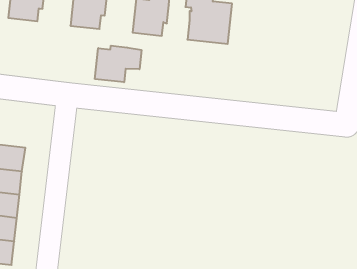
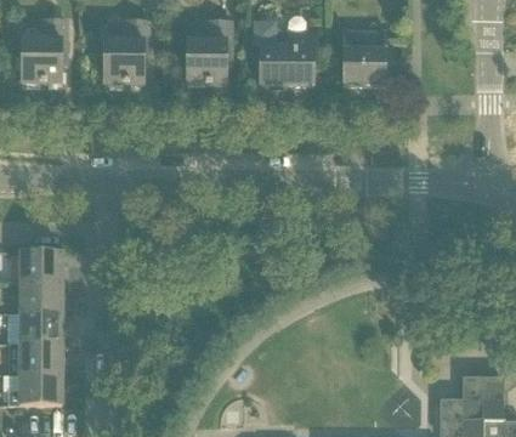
building: none -> [342,29,386,85]
building: [95,46,141,82] -> none

